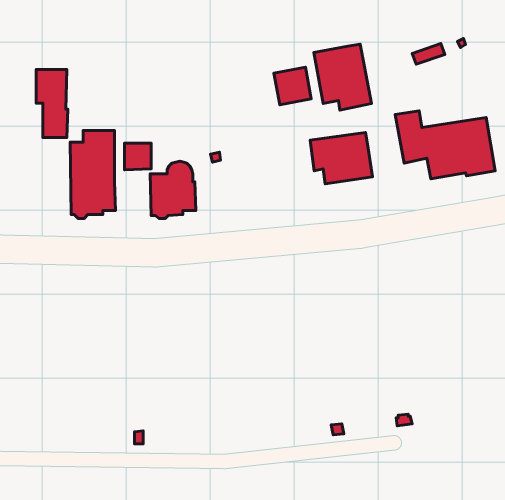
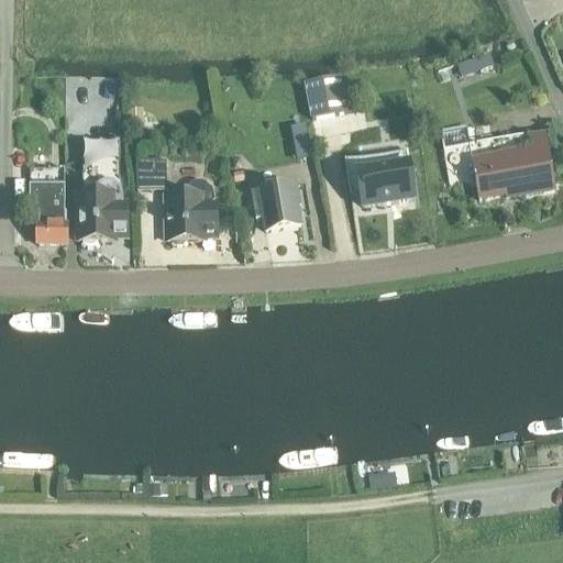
building: [314,44,371,110] -> none
building: [36,69,68,138] -> [31,166,66,242]
building: none -> [252,187,301,230]

